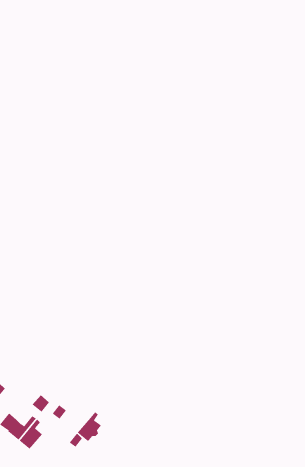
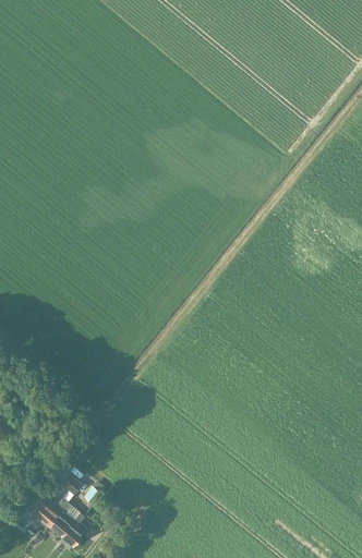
building: [77,412,102,443] -> [61,513,88,547]

